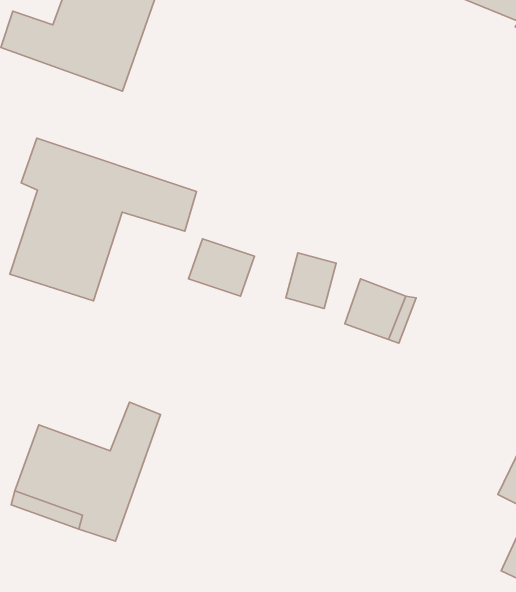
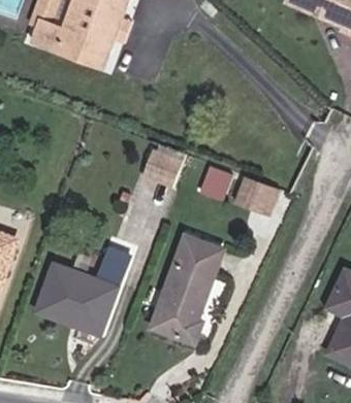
building: [10,138,197,301] -> none
building: none -> [152,236,221,341]

